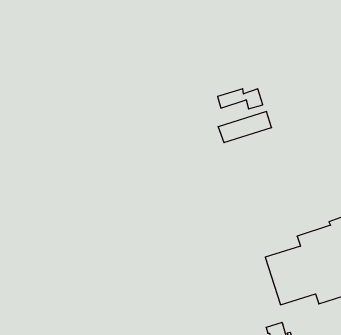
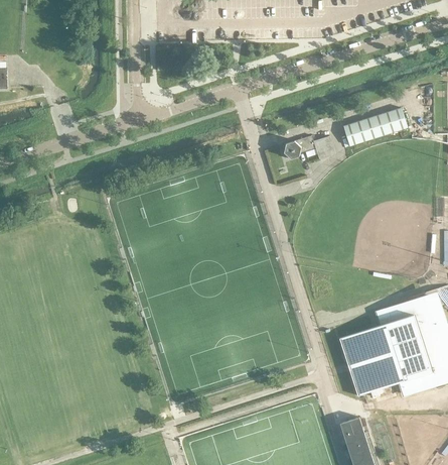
building: [218,112,272,143] -> [343,108,408,145]

